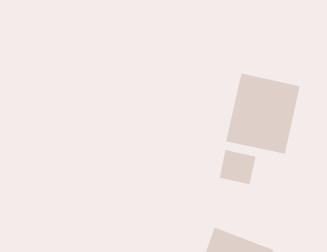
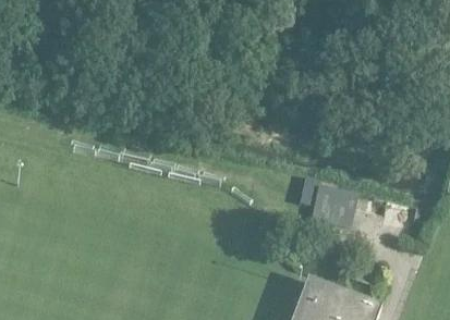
building: [225,73,301,154] -> none

